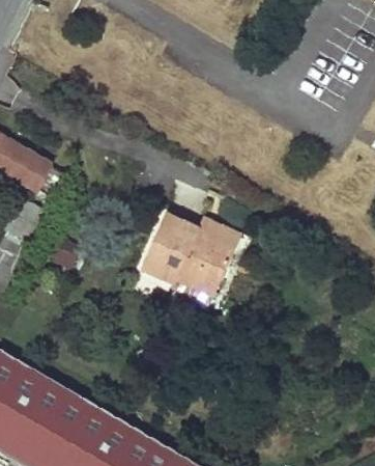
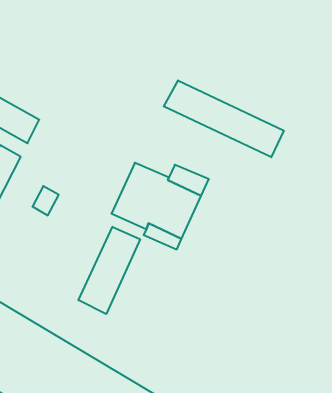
building: none -> [164,80,284,157]
building: none -> [78,227,140,314]

